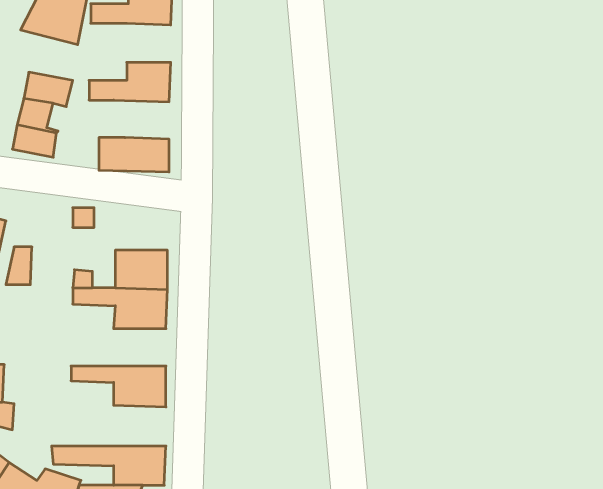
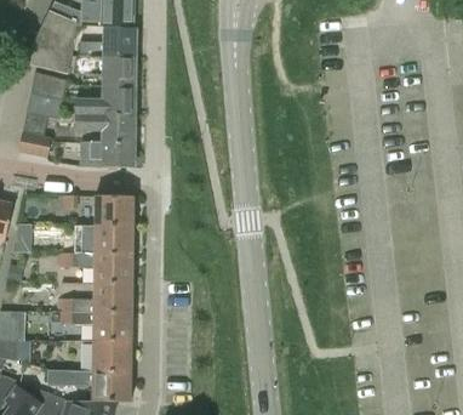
building: none -> [72,57,135,86]
building: none -> [29,72,65,100]
building: none -> [74,114,133,143]
building: none -> [93,194,132,226]
building: none -> [58,284,131,312]
building: none -> [92,341,131,371]

